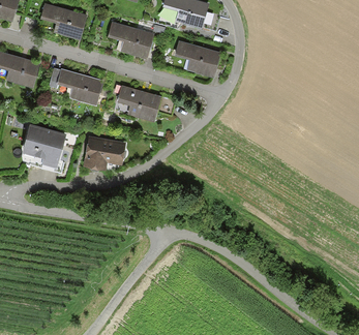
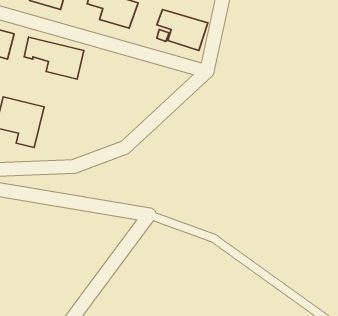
building: [113,82,174,122] -> none
building: [85,134,128,169] -> none

